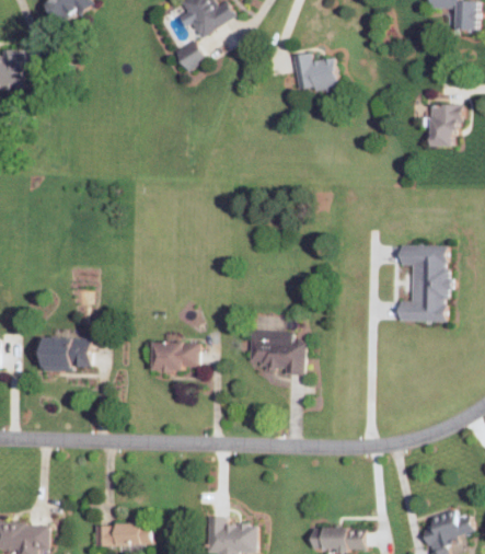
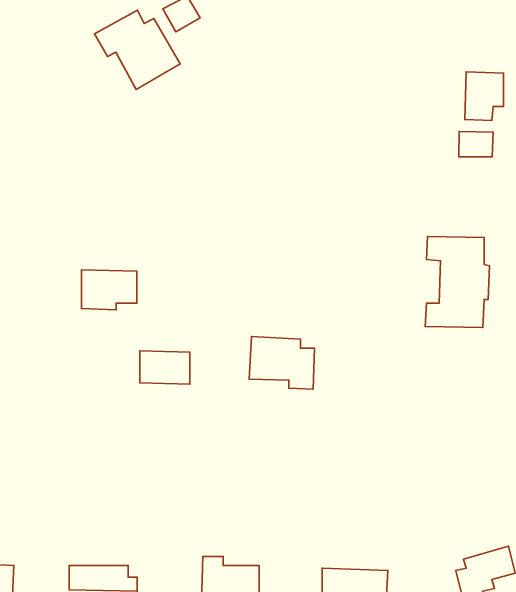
building: none -> [94,10,180,90]
building: [289,53,339,92] -> none
building: none -> [459,131,493,157]
building: [43,337,90,371] -> [82,270,137,310]

